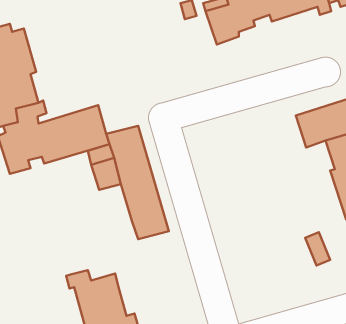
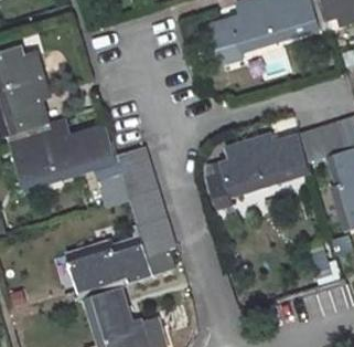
building: none -> [205,134,310,212]
building: none -> [63,236,151,293]

